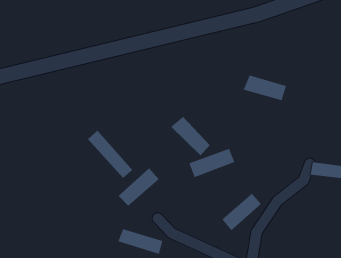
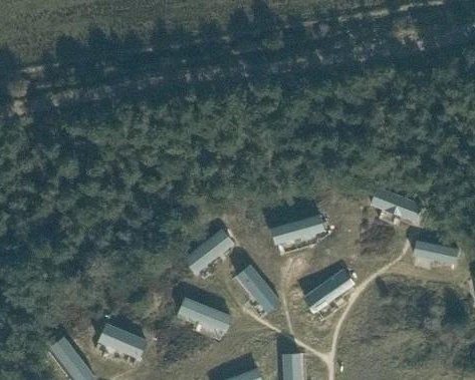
building: [243,75,287,101] -> [371,187,423,222]
building: [171,116,210,156] -> [235,265,280,314]
building: [87,130,133,179] -> none

